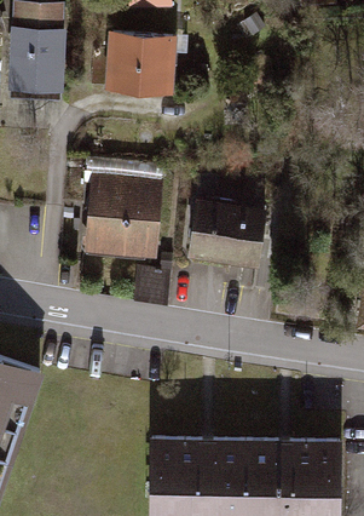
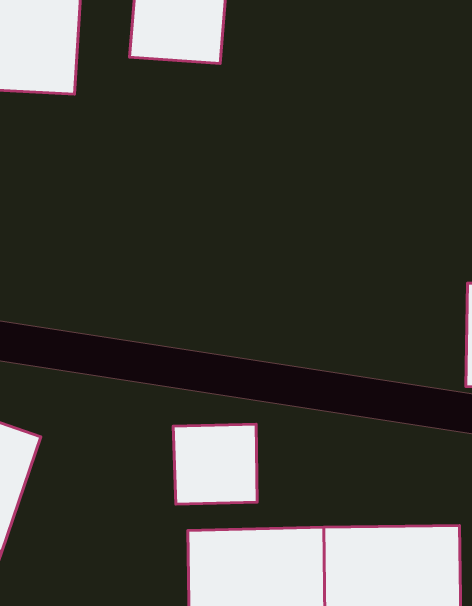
building: [85,167,169,257] -> none
building: [180,202,271,276] -> none
building: none -> [173,424,257,504]

